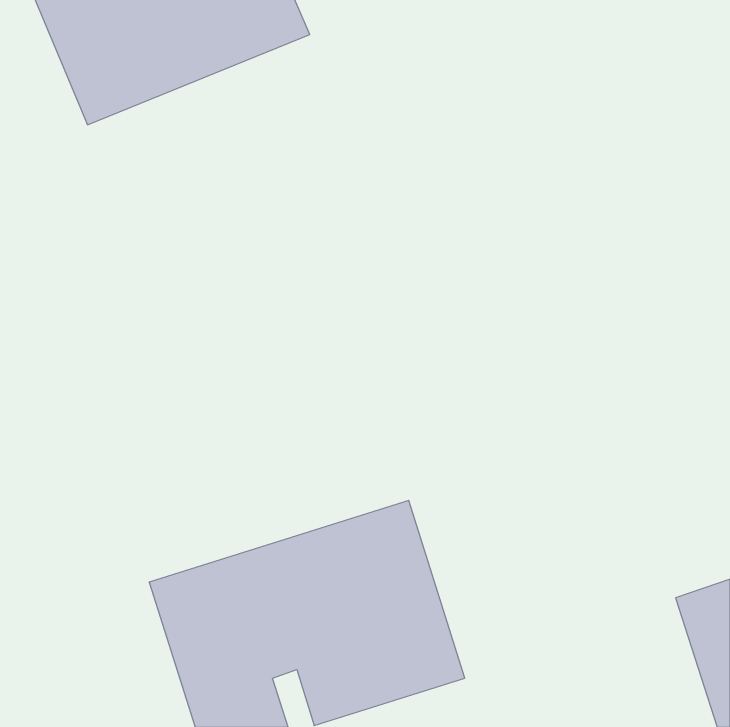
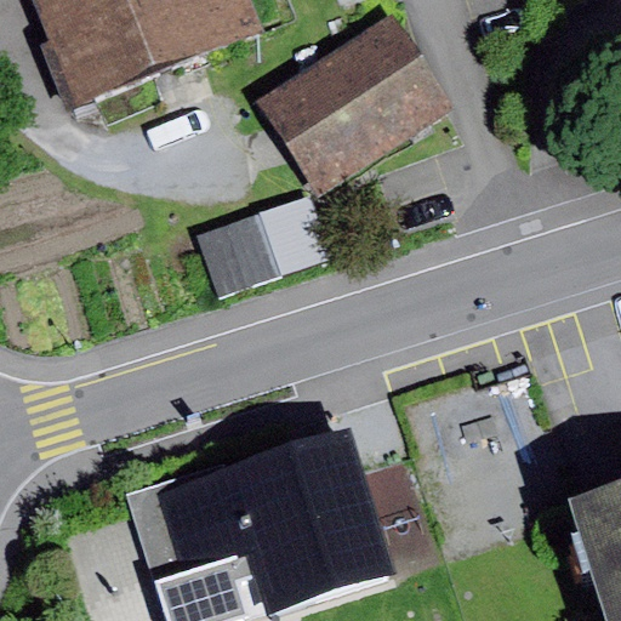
building: none -> [263,28,451,203]
building: none -> [193,199,314,294]

